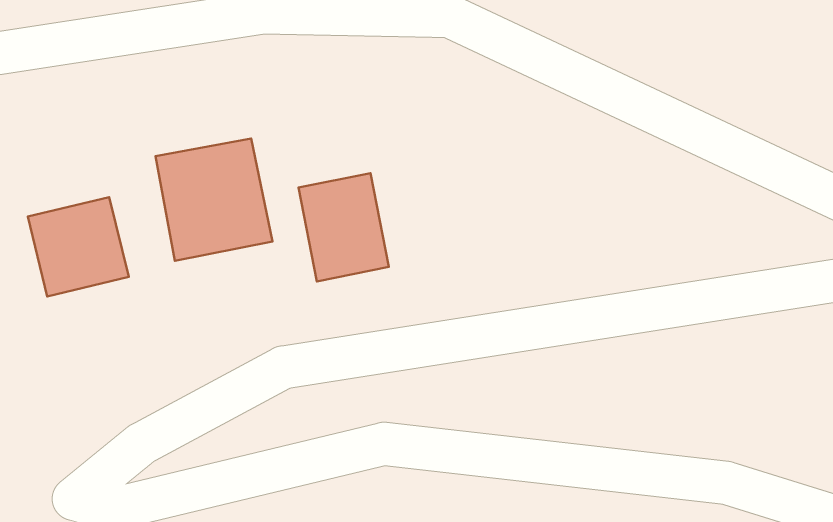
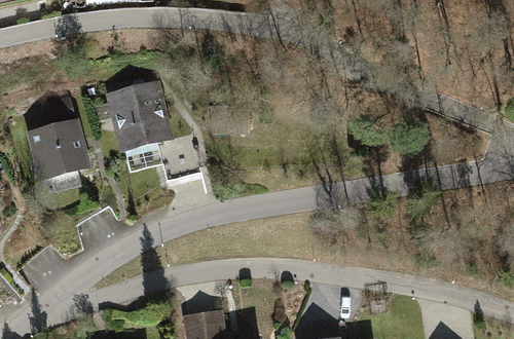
building: [299,173,389,281] -> none

